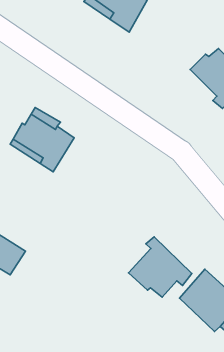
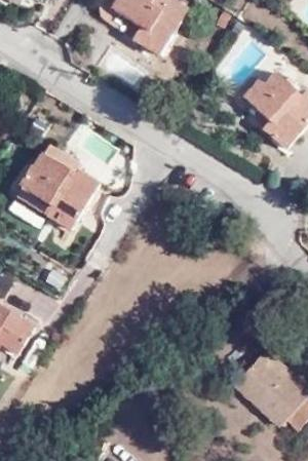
building: [129,237,192,297] -> none

